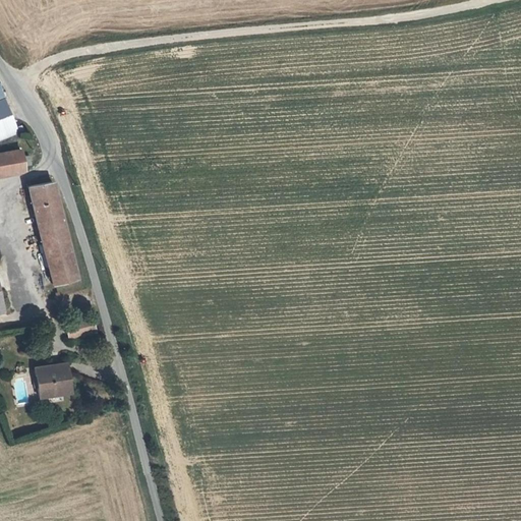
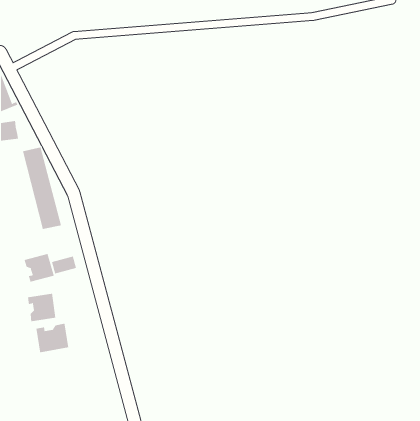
building: none -> [24,253,54,282]
building: none -> [36,323,69,353]

